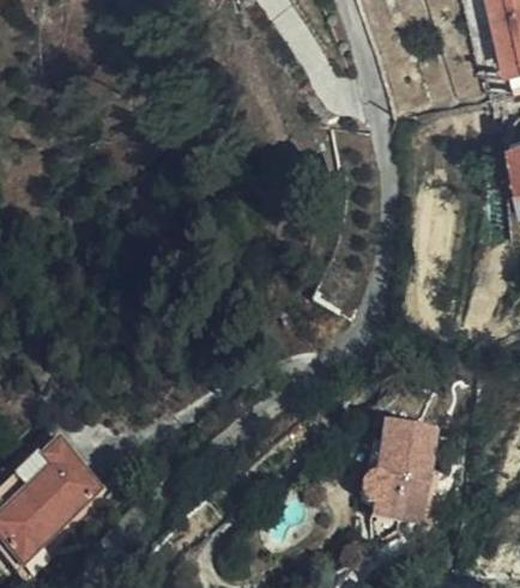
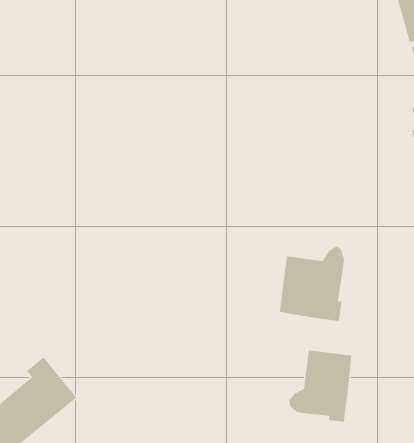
building: none -> [279,246,344,322]

